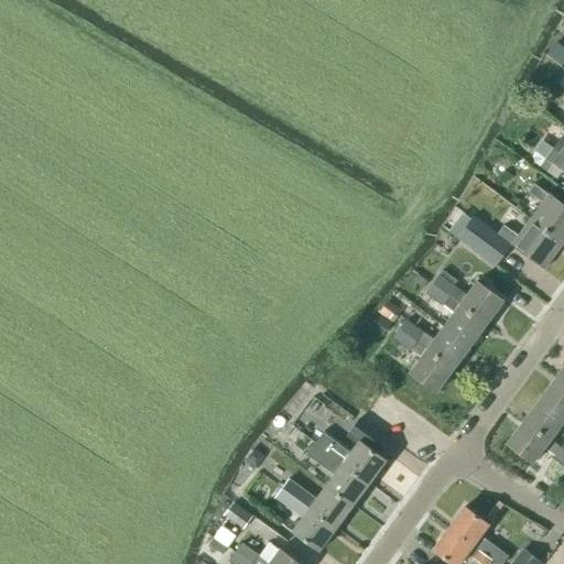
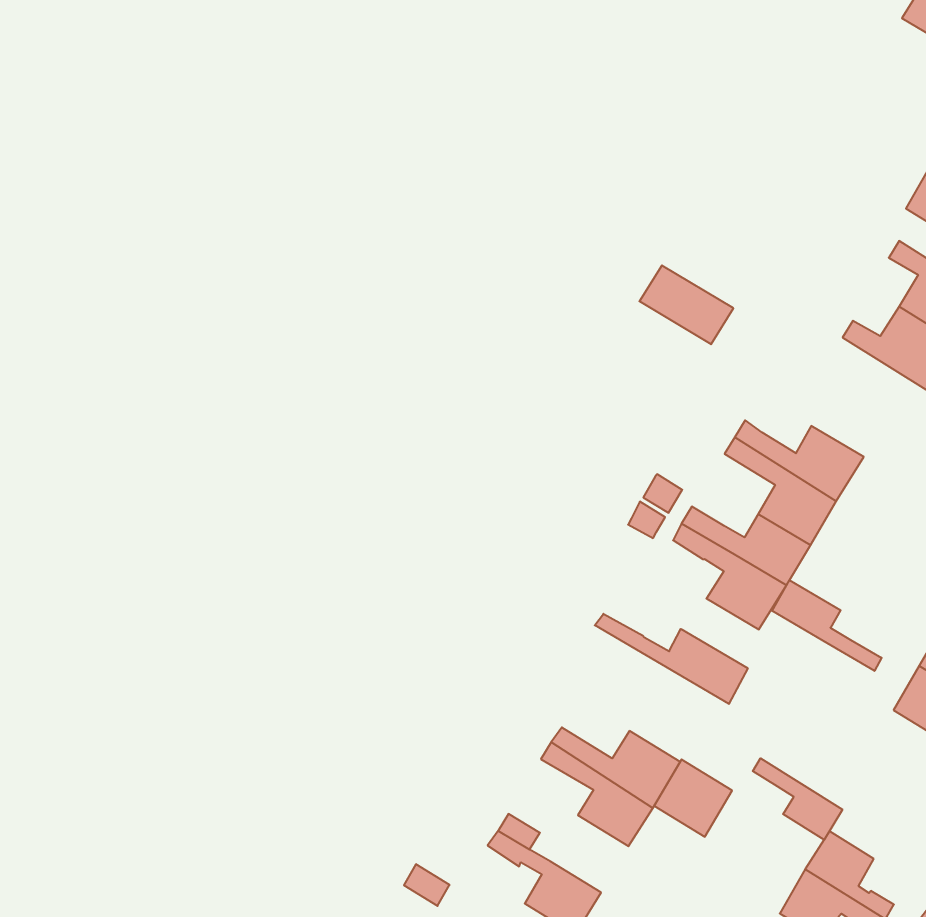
building: [458,219,510,265] -> [639,265,733,344]
building: none -> [772,580,882,671]
building: none -> [595,614,748,704]
building: none -> [753,758,842,840]
building: [310,485,354,529] -> [654,759,732,837]

